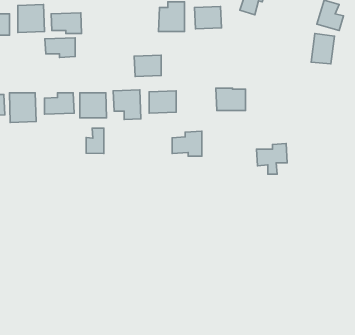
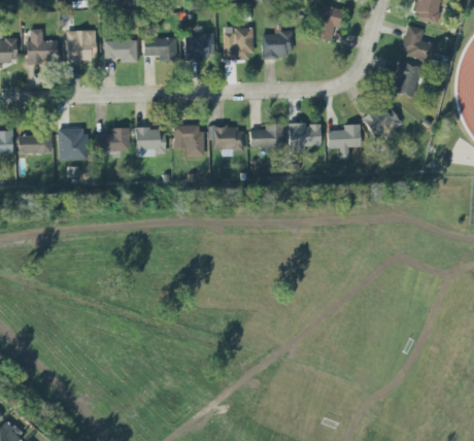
building: [45,38,75,57] -> [143,37,177,59]
building: [134,55,161,77] -> [184,34,214,58]
building: none -> [363,102,403,140]
building: [86,128,104,154] -> none
building: [172,131,202,156] -> [250,123,283,150]
building: [257,143,287,174] -> [327,124,361,158]

